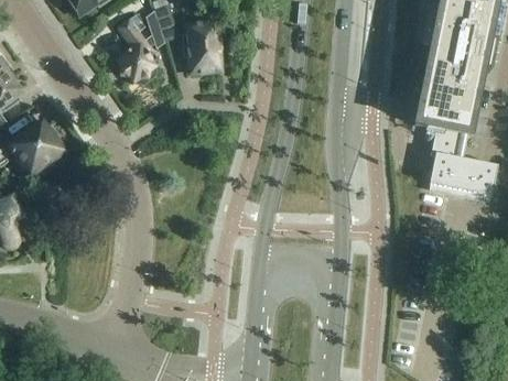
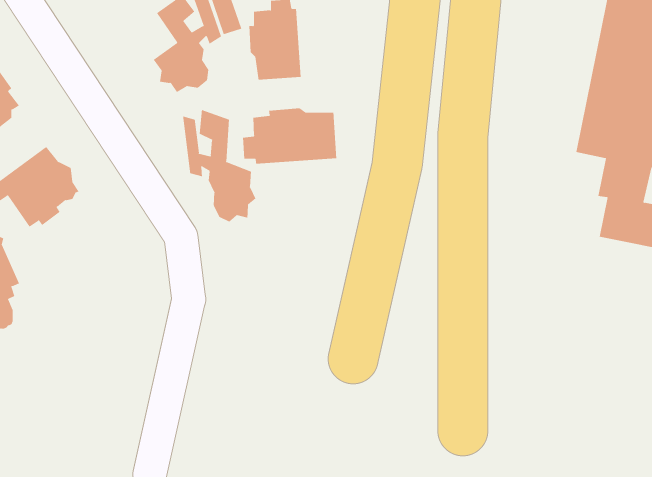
building: none -> [243,108,337,164]
building: none -> [182,109,256,222]

